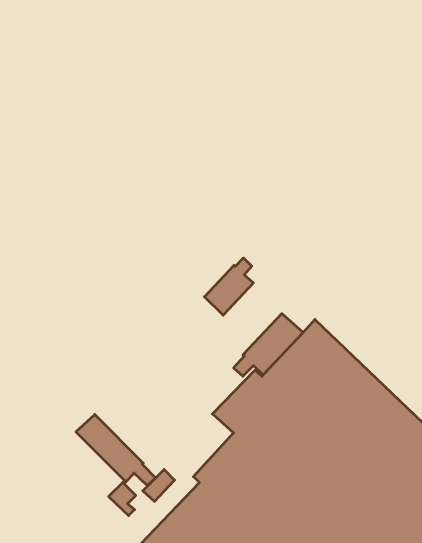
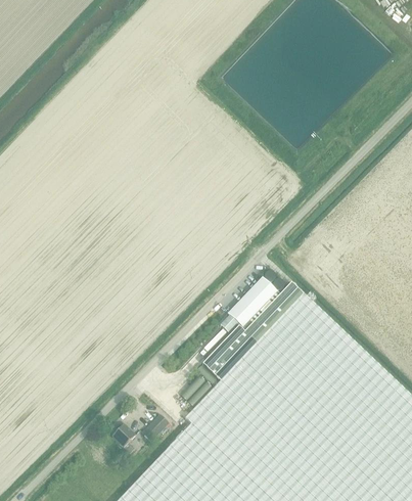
building: [204,258,253,315] -> none
building: [76,414,156,486] -> none

